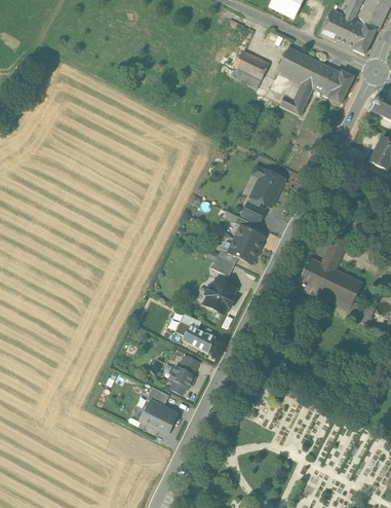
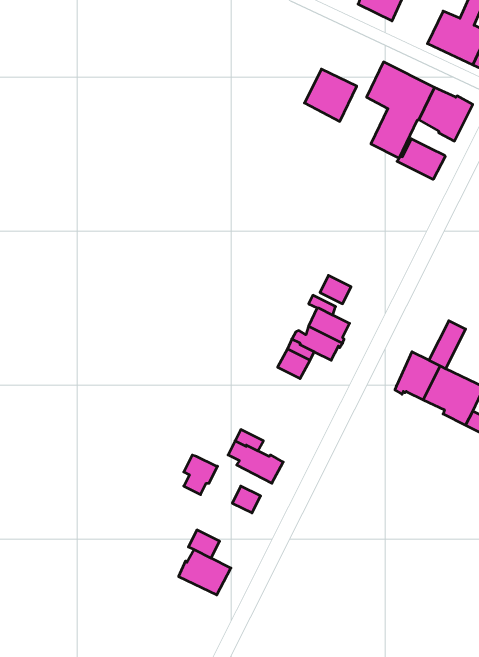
building: none -> [397,139,445,179]
building: [250,170,284,207] -> none
building: [203,278,236,314] -> none
building: [169,366,194,395] -> [184,455,218,495]

